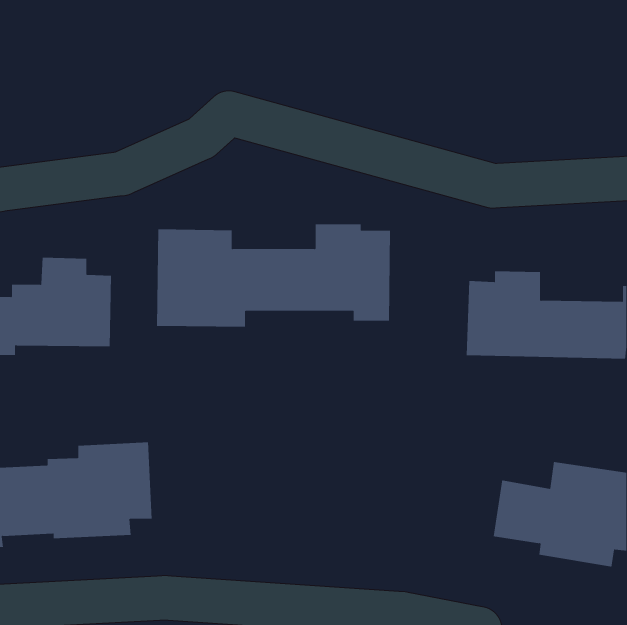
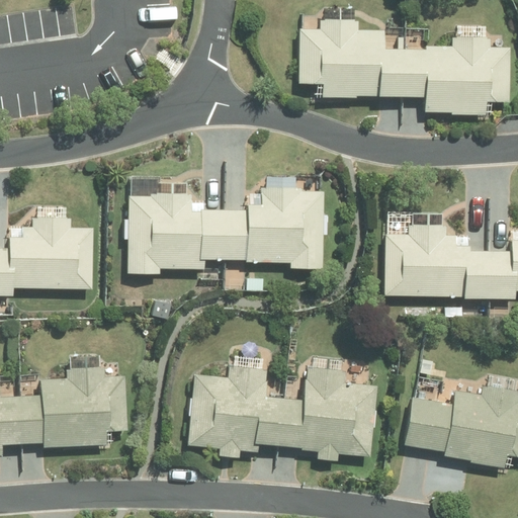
building: none -> [298,29,511,114]
building: none -> [187,364,374,460]

